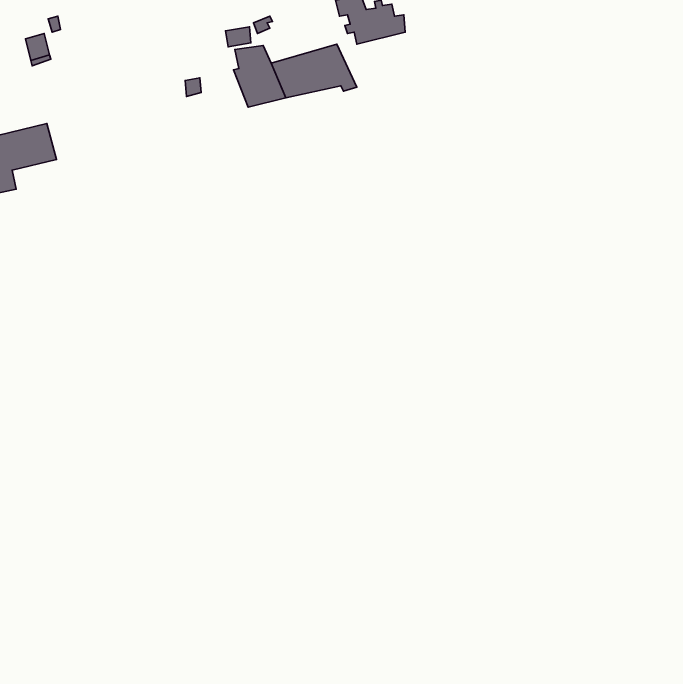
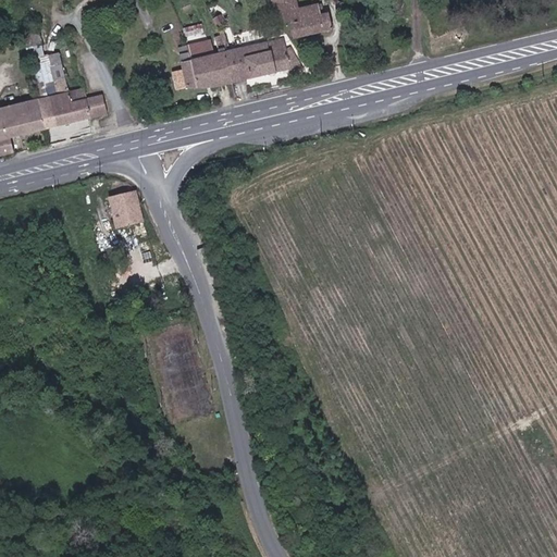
building: none -> [172,57,201,88]
building: none -> [38,58,114,129]
building: none -> [108,190,141,226]

